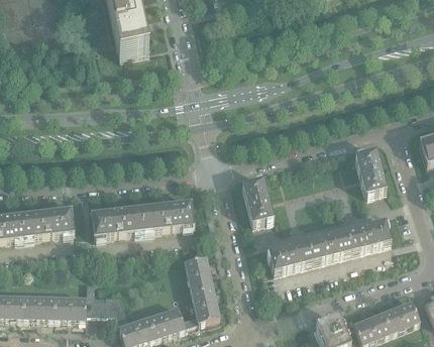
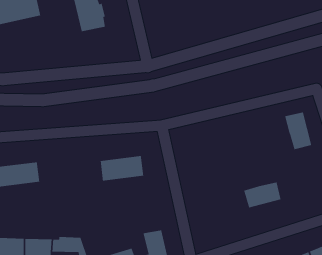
building: [241,178,273,223] -> none
building: [92,206,143,235] -> none
building: [345,220,390,251] -> none
building: [266,240,312,271] -> none
building: [184,254,212,290] -> none

